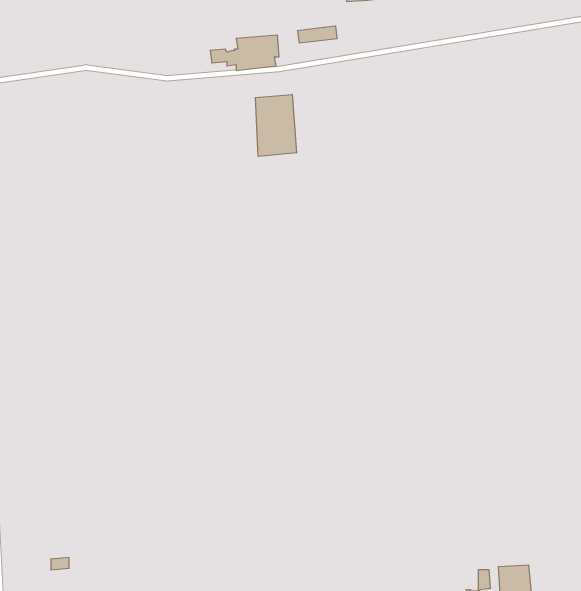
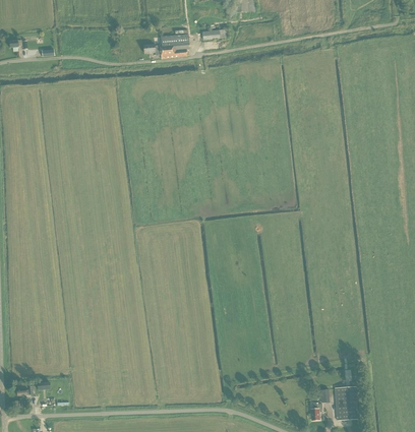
building: [255,94,297,156] -> none

